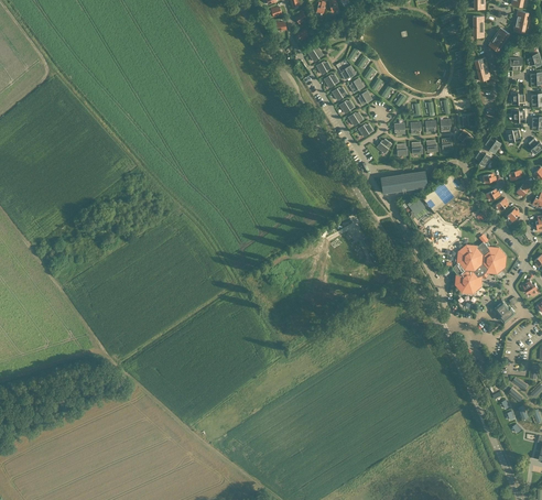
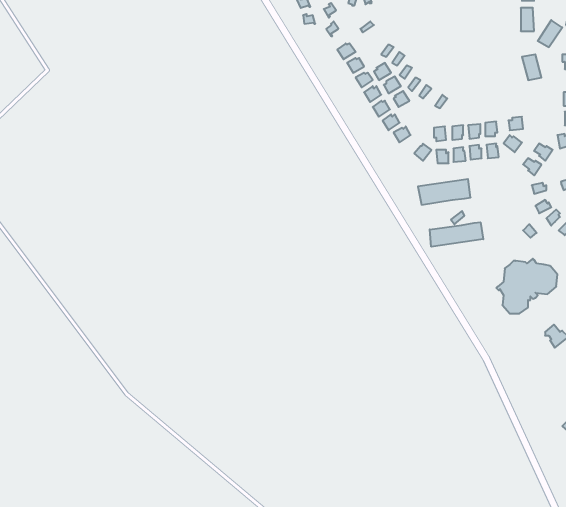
building: none -> [430,222,483,247]

